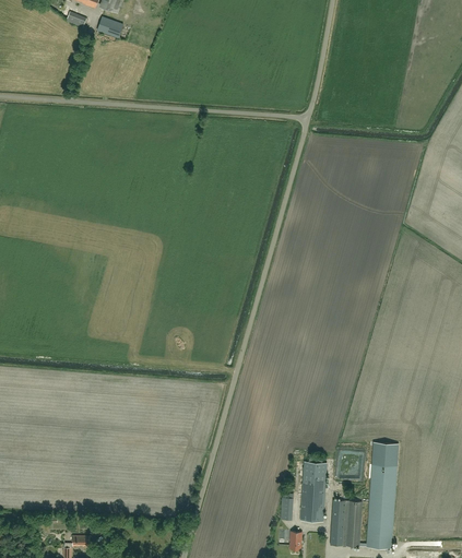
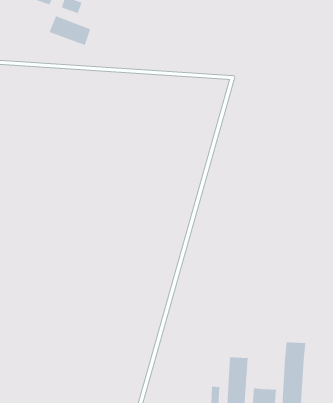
building: none -> [49,15,91,46]

